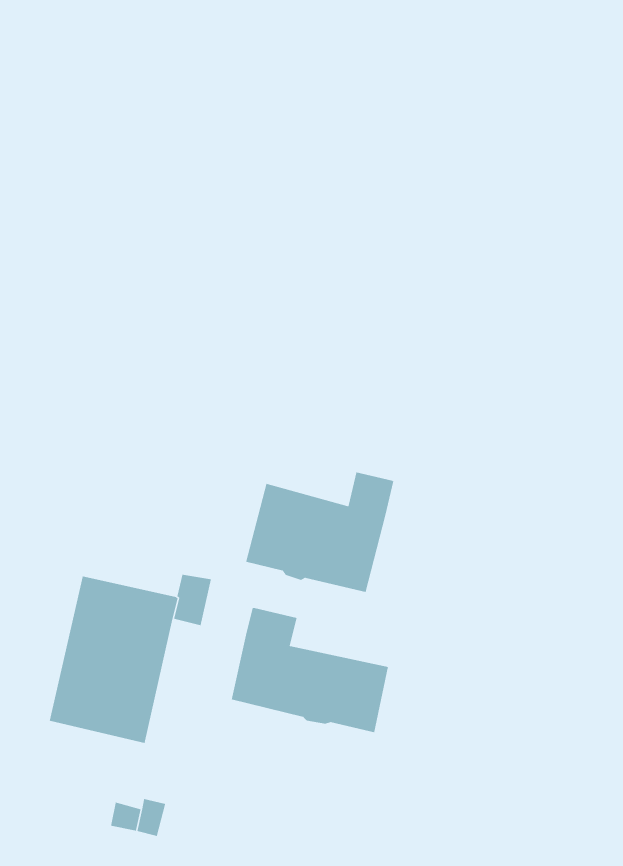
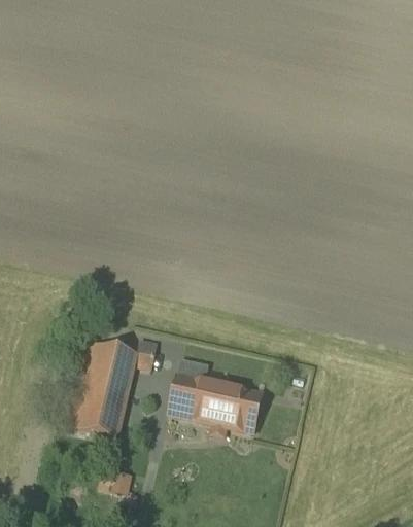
building: [245,471,394,593] -> none

